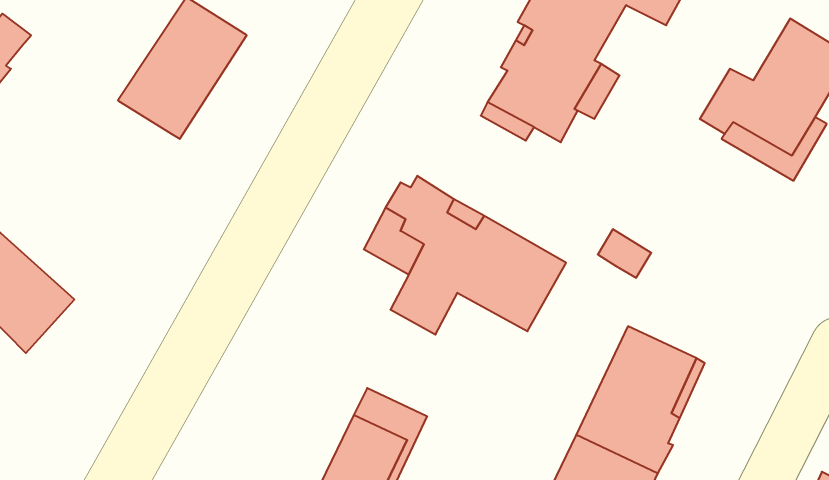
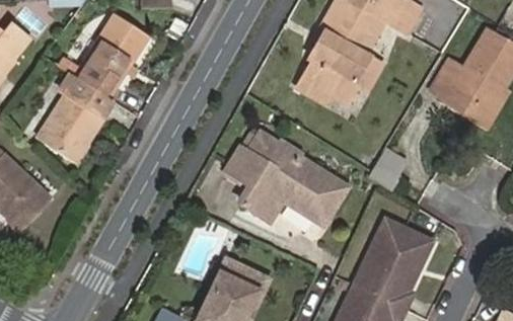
building: none -> [33,78,108,161]

